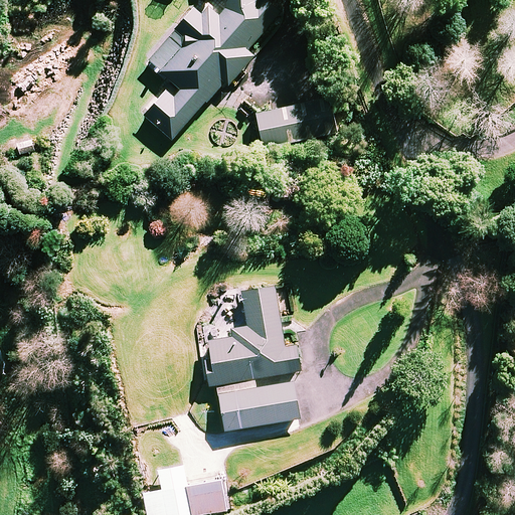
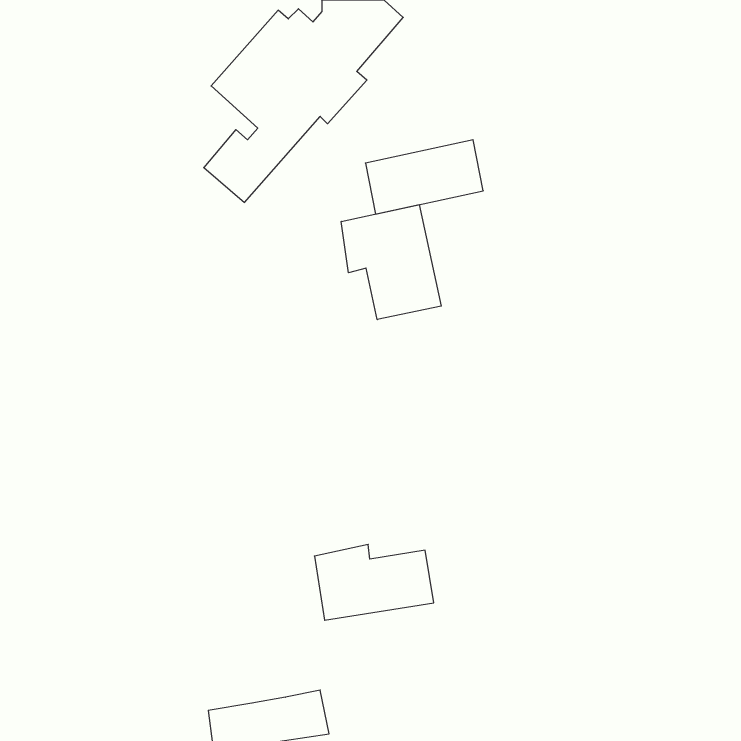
building: none -> [341,205,441,320]
building: [206,286,302,386] -> none

